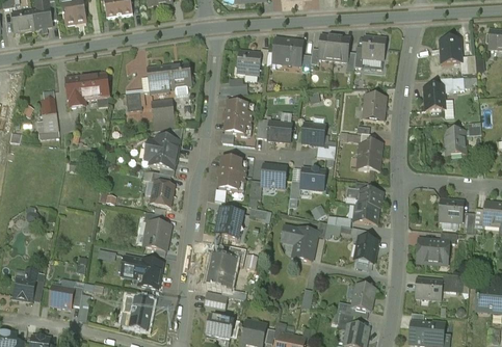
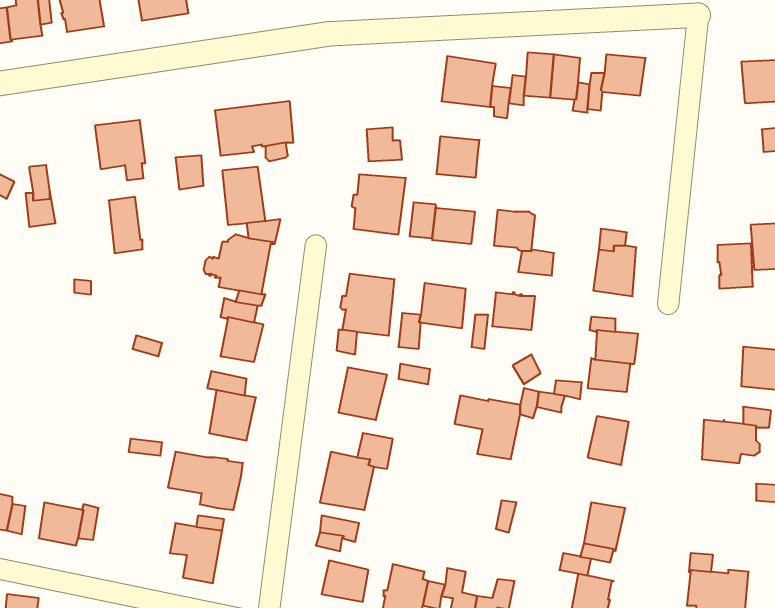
building: [237,52,261,75] -> [436,136,480,178]
building: [65,76,84,107] -> [109,197,143,253]
building: [423,85,443,110] -> [717,243,753,288]
building: [362,95,385,121] -> none
building: [414,278,442,299] -> none

